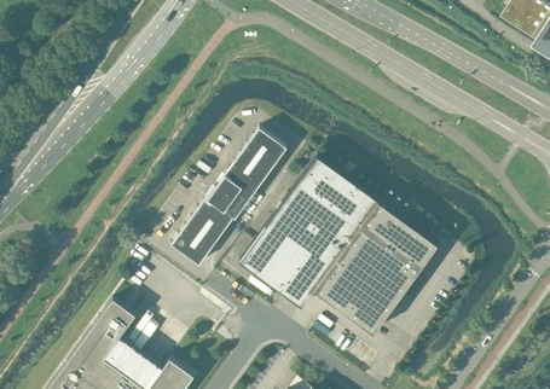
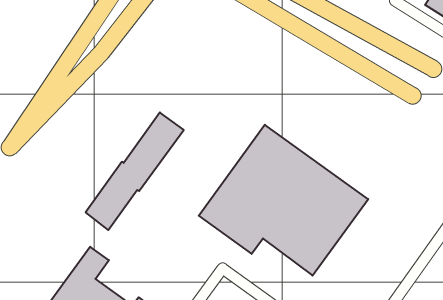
building: [172,128,286,266] -> [86,112,184,230]

